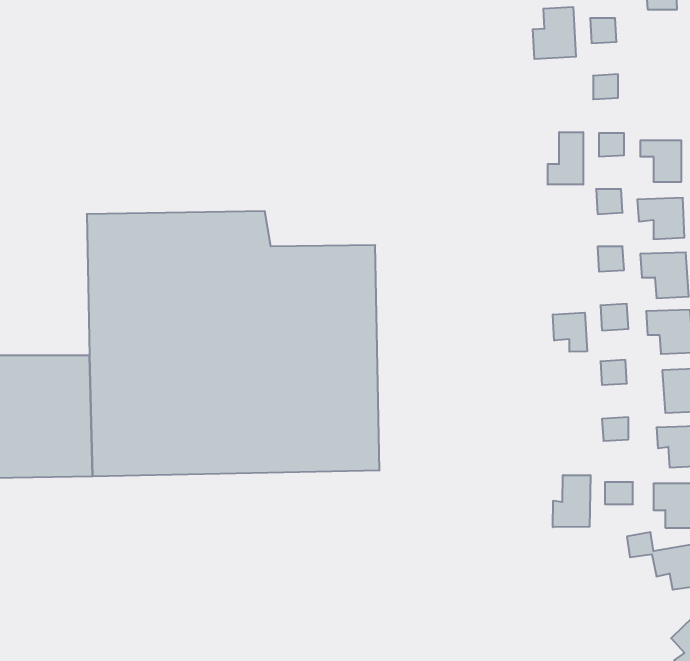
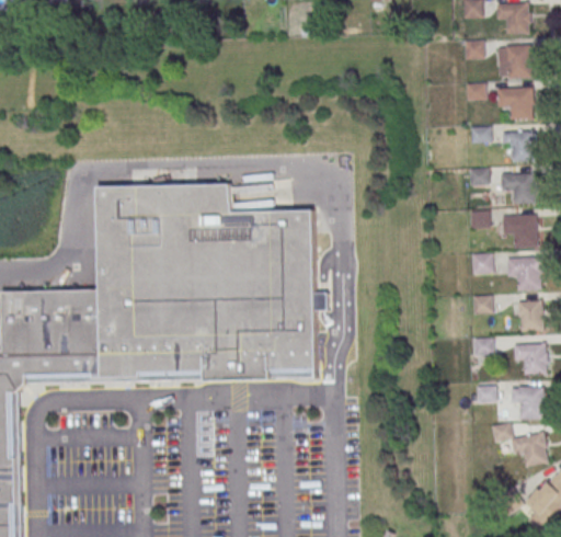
building: [533,7,576,59] -> none
building: none -> [499,44,533,77]
building: none -> [499,87,535,119]
building: [548,132,583,185] -> none
building: [553,313,587,352] -> none
building: [553,475,590,527] -> none

